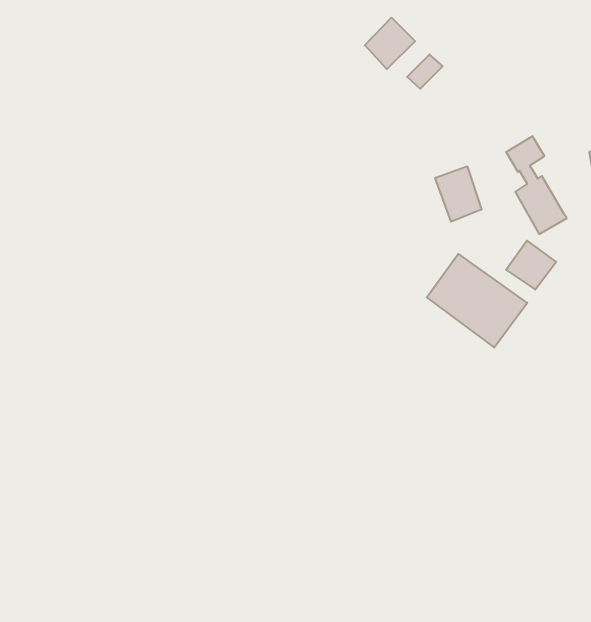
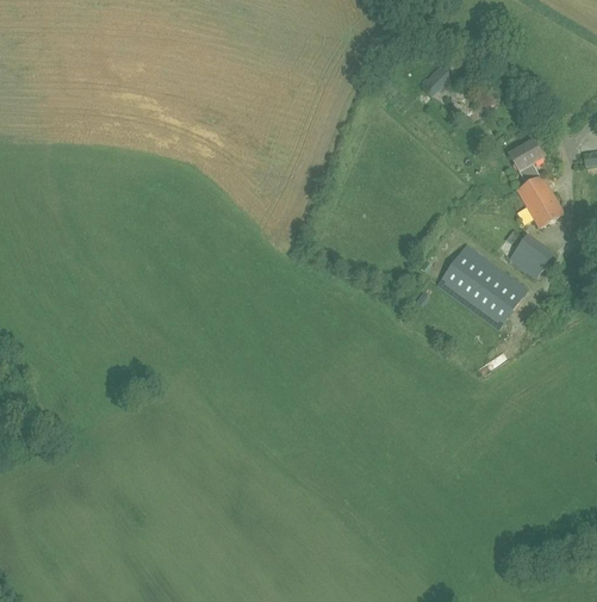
building: [365,18,415,69] -> none
building: [435,166,482,222] -> none

